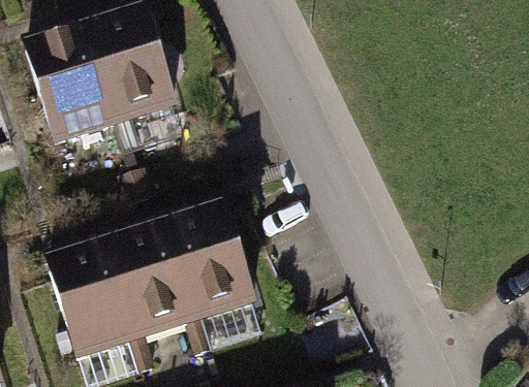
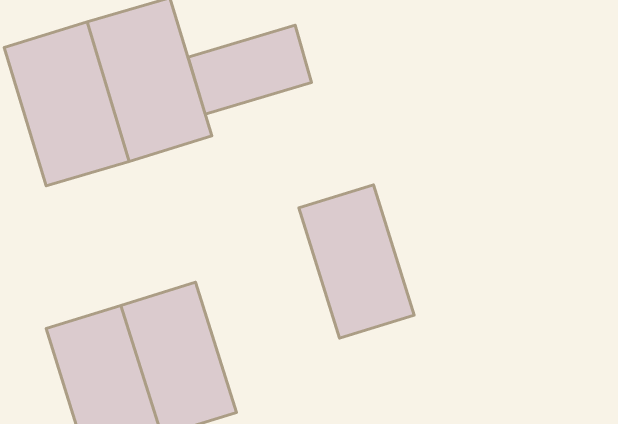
building: none -> [188,25,311,114]
building: [172,230,259,347] -> [299,185,414,338]

